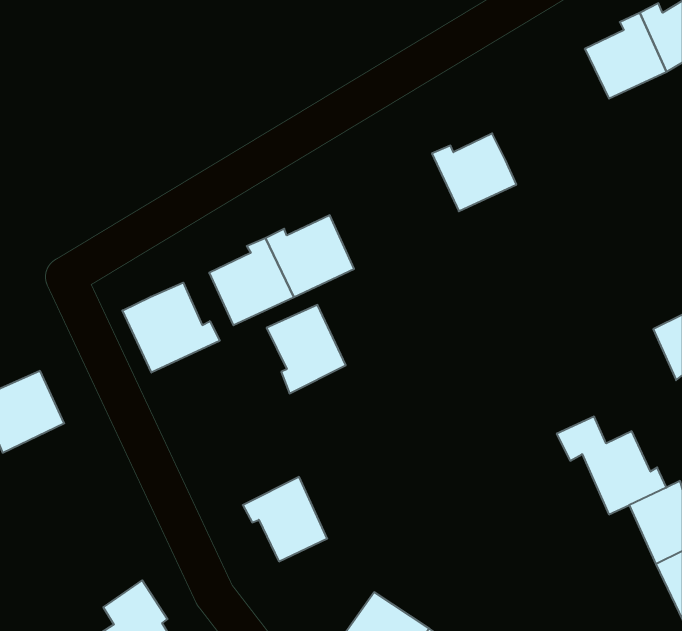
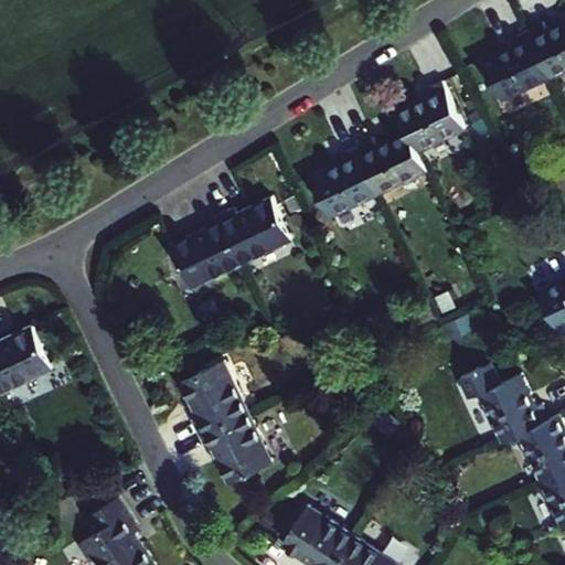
building: none -> [397,83,465,153]
building: none -> [311,148,379,218]
building: [122,283,220,373] -> none
building: [267,305,346,393] -> [182,364,247,437]

